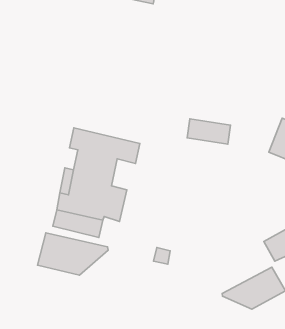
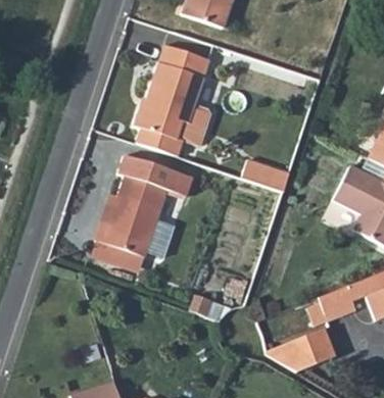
building: none -> [135,45,219,158]
building: [38,233,108,275] -> none

